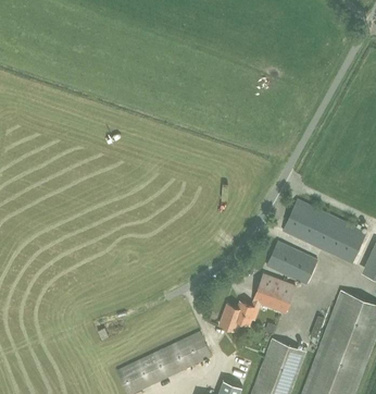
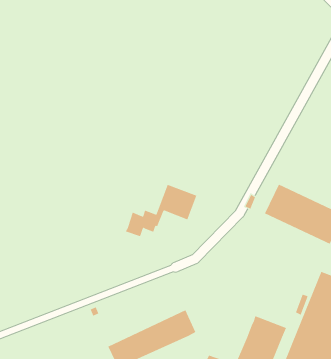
building: [266,241,316,284] -> none
building: [218,274,294,330] -> [125,184,197,237]

